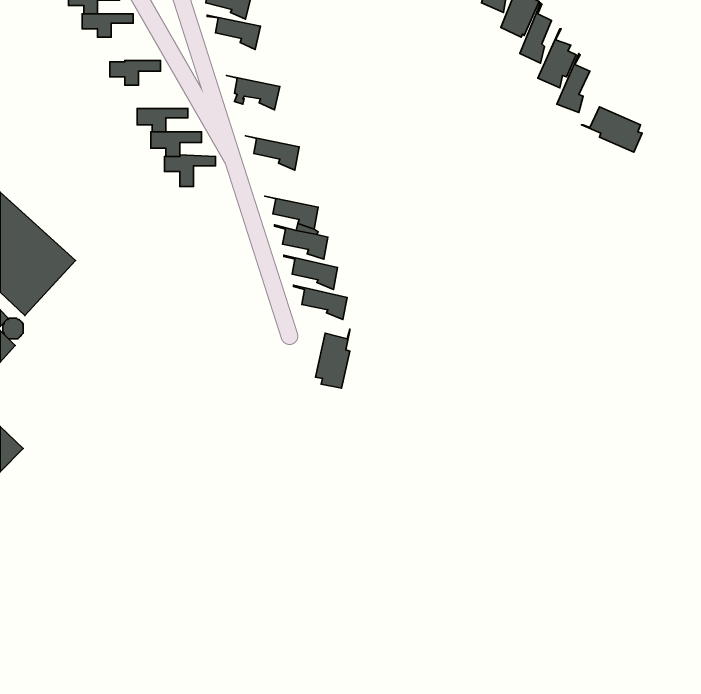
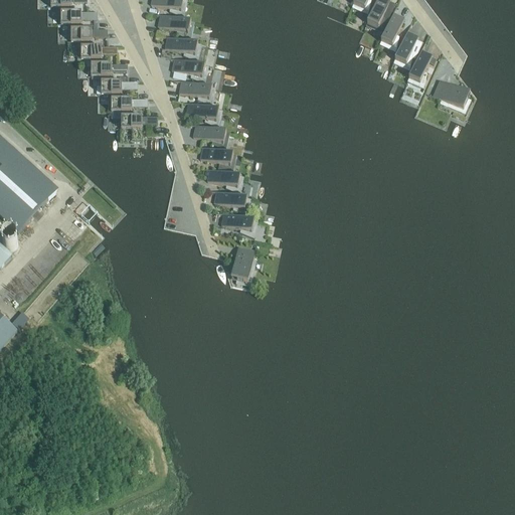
building: none -> [70,27,108,45]
building: none -> [159,33,198,58]
building: none -> [91,62,128,79]
building: none -> [173,77,212,103]
building: none -> [187,122,226,146]

